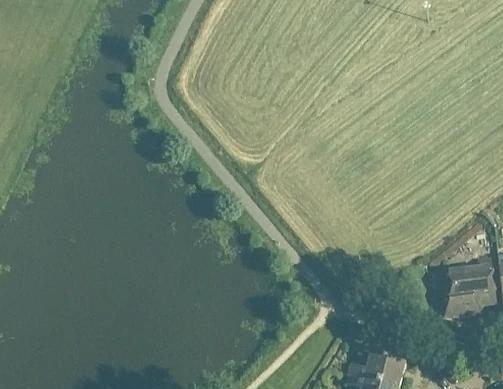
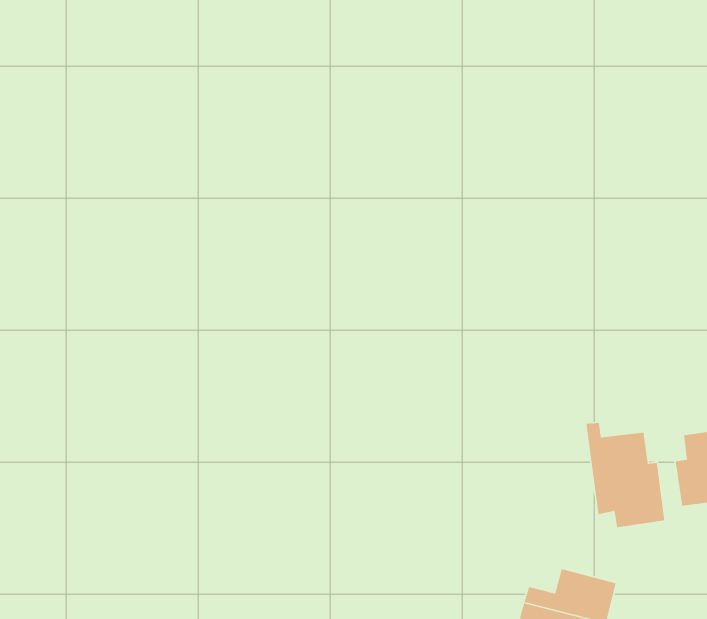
building: none -> [585,422,665,528]

